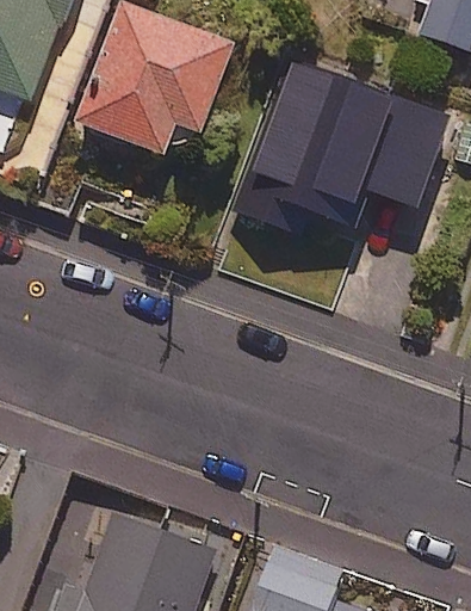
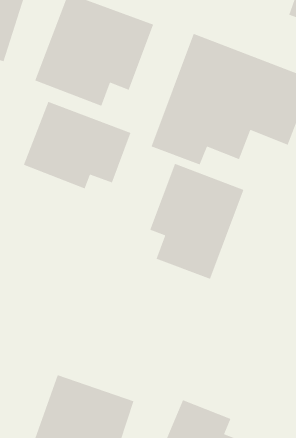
building: none -> [23,101,132,189]
building: none -> [149,163,244,280]

